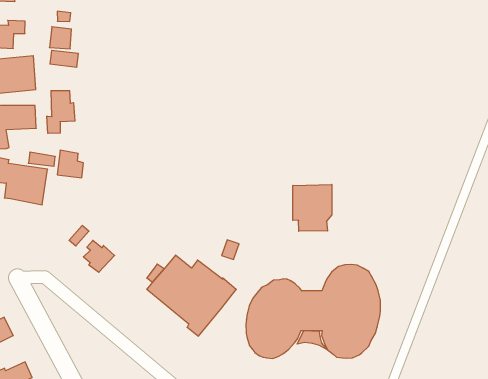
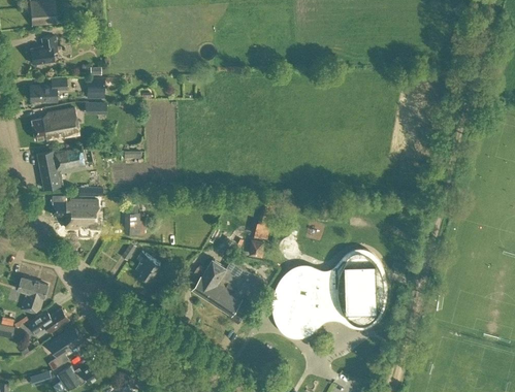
building: [47,91,75,133] -> none
building: [57,150,83,178] -> [124,213,144,233]
building: [293,184,332,231] -> none

